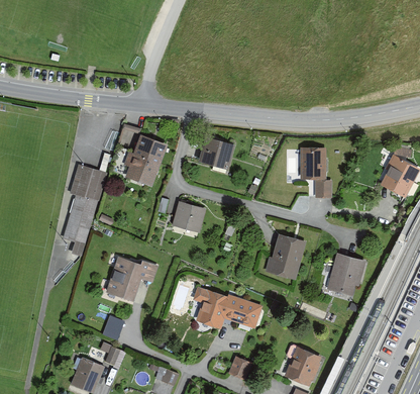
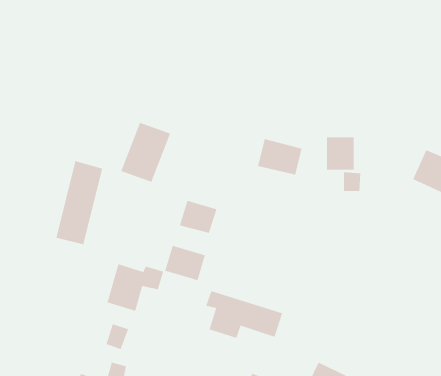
building: [193,138,233,172] -> [257,138,303,175]
building: [266,234,306,281] -> none
building: none -> [164,245,206,281]
building: [325,255,364,299] -> none

